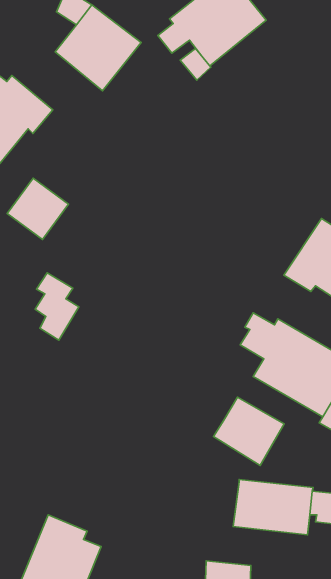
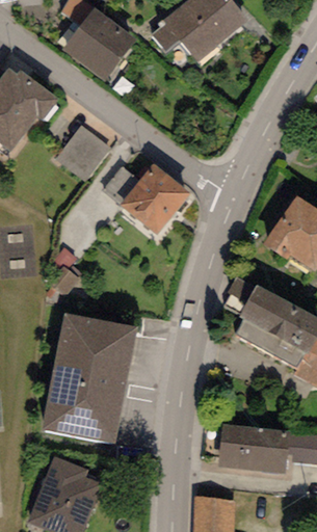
building: [7,178,68,239] -> [57,125,111,179]
building: none -> [121,162,190,233]
building: none -> [42,313,137,443]
building: [214,397,284,465] -> none

